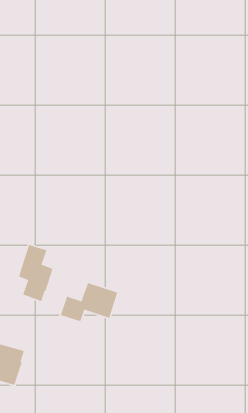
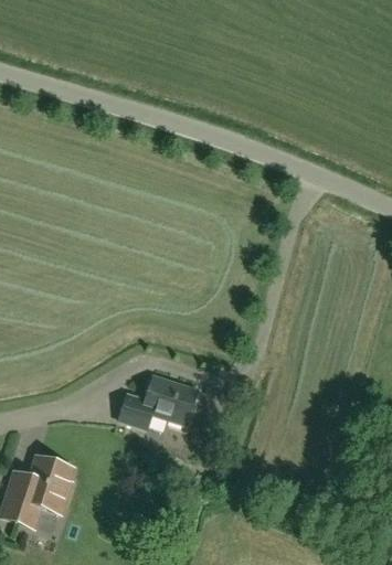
building: [18,244,53,302] -> none

